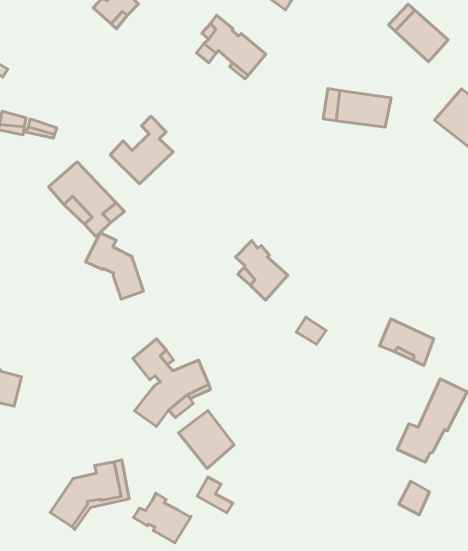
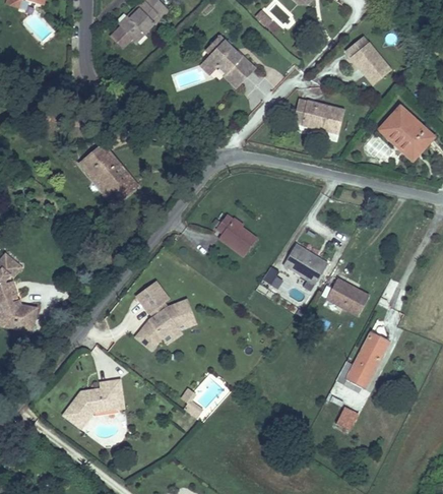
building: [110,116,173,184] -> none
building: [86,233,144,299] -> none
building: none -> [282,242,327,284]
building: [179,410,234,469] -> none
building: [133,493,191,543] -> none

